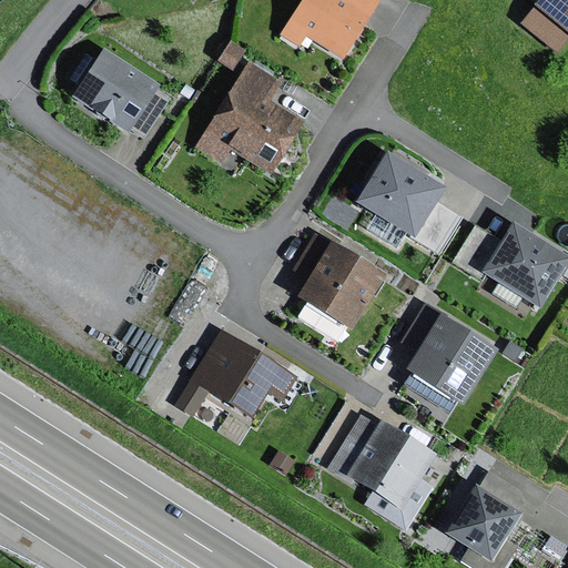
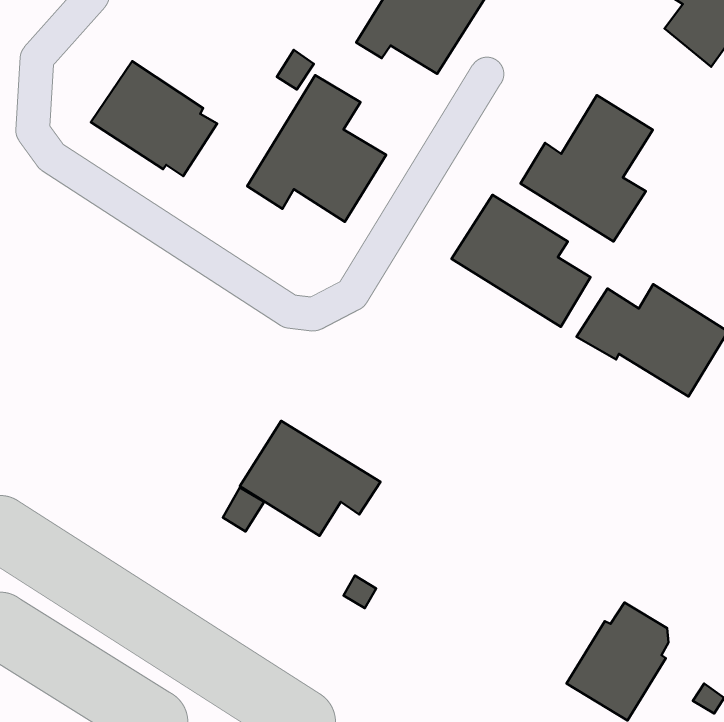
building: none -> [521,95,653,242]
building: [292,231,386,331] -> none
building: [400,305,497,406] -> none
building: [328,414,437,530] -> none

